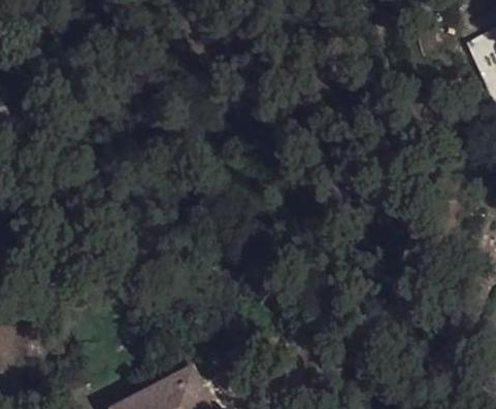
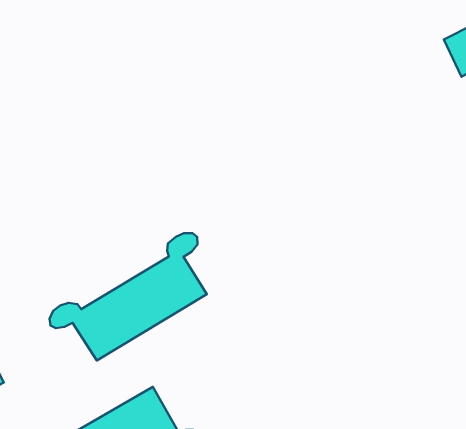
building: none -> [49,233,207,360]

